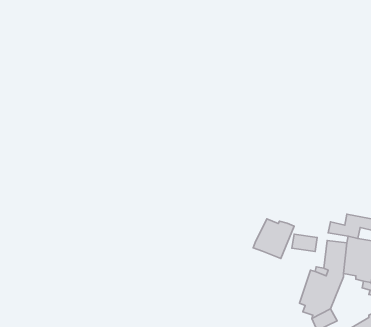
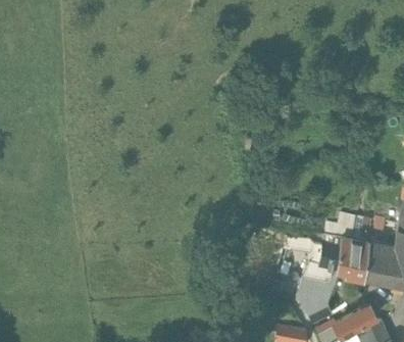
building: [253,219,294,259] -> none

